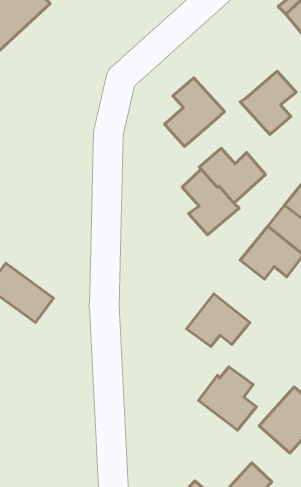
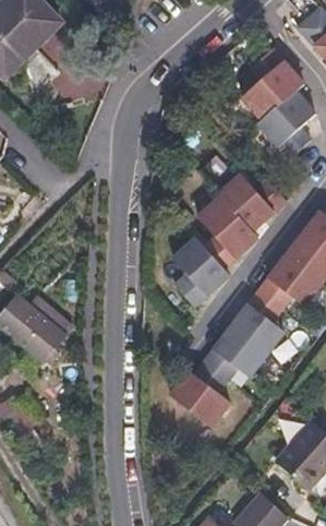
building: [164,78,225,146] -> [243,50,305,121]
building: none -> [174,231,230,300]
building: none -> [231,288,286,352]
building: [198,367,256,430] -> [171,359,231,425]

